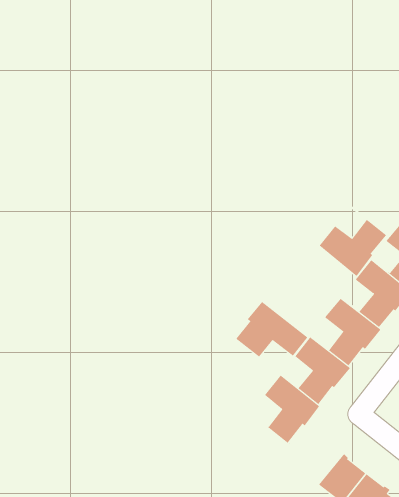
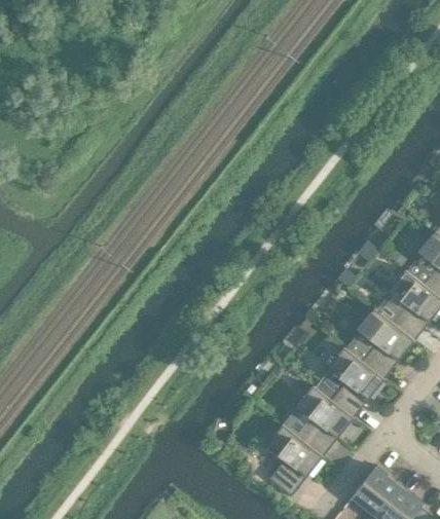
building: [319,206,389,277] -> none
building: [233,301,308,374] -> none
building: none -> [265,424,322,496]

